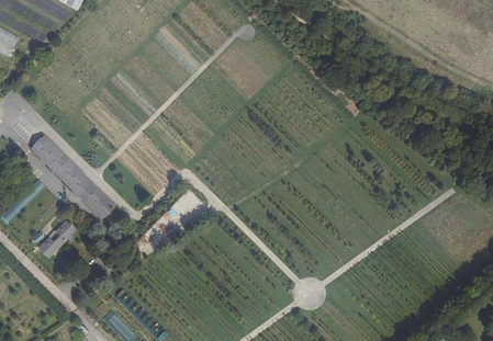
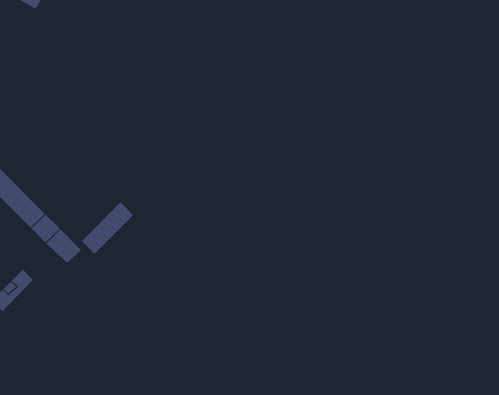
building: none -> [81,202,134,254]

